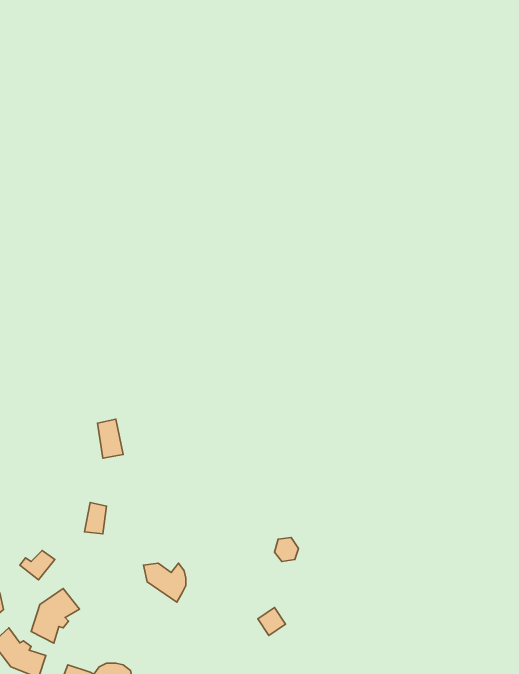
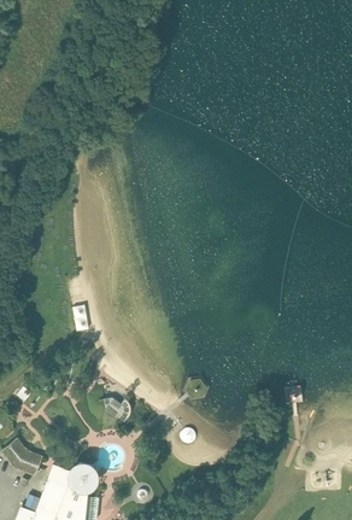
building: [31,588,79,643] -> none

